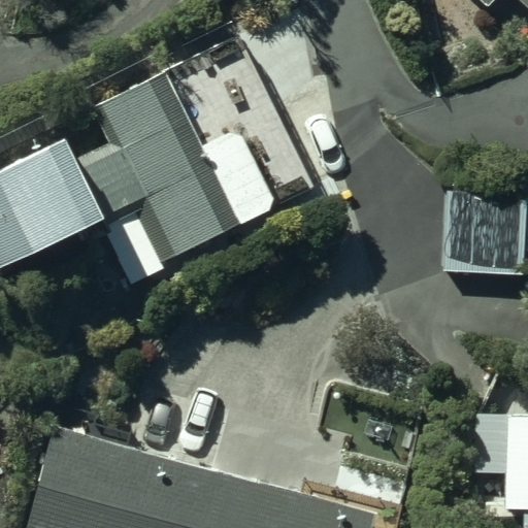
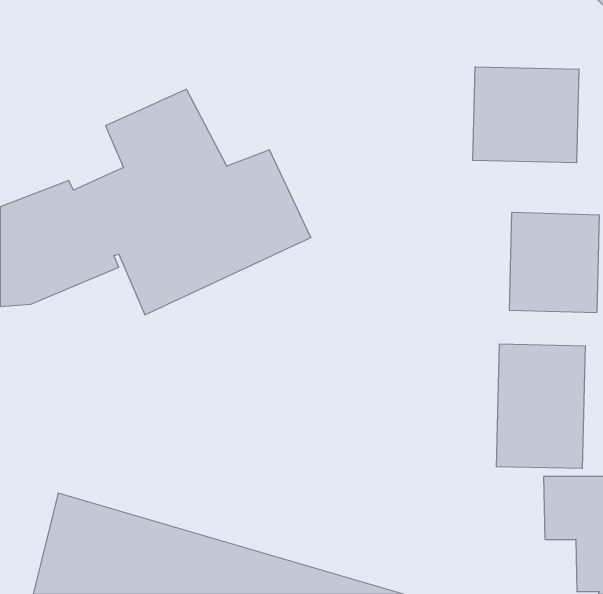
building: none -> [473,67,579,163]
building: none -> [497,344,585,469]

